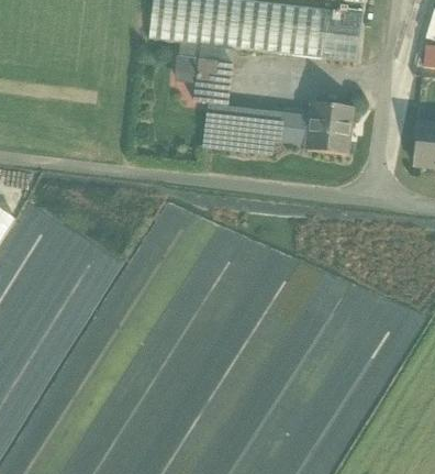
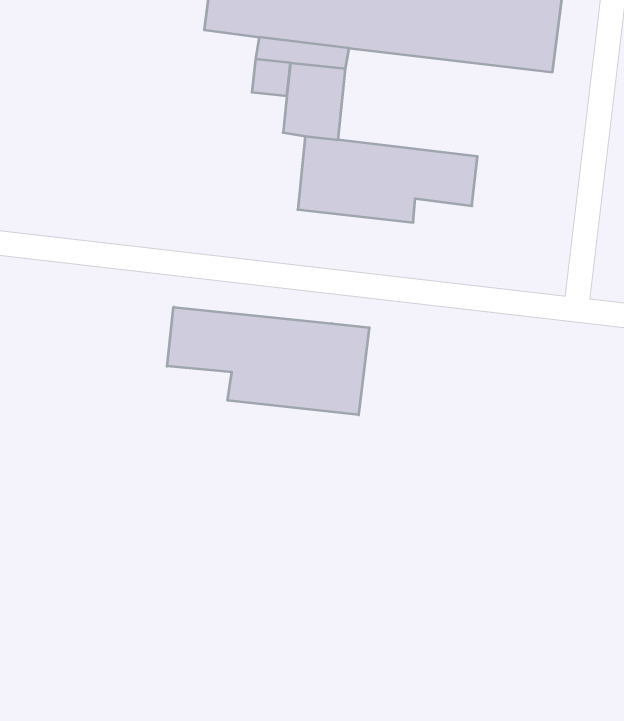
building: [309,101,354,154] -> none
building: none -> [167,307,369,415]

